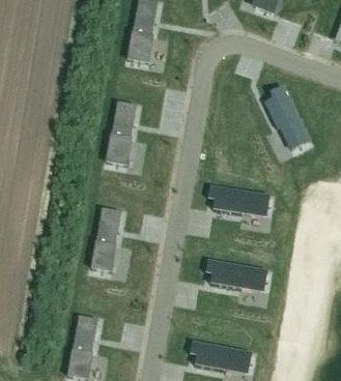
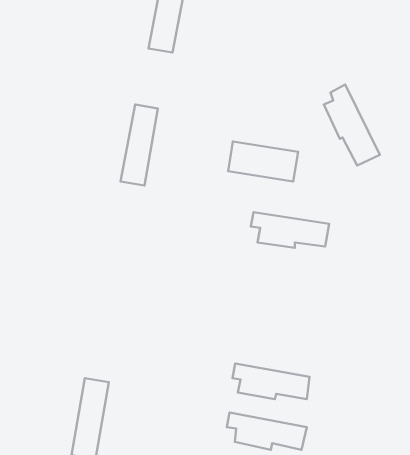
building: none -> [228,141,298,182]
building: [92,206,121,270] -> none
building: [206,260,266,288] -> [232,363,309,399]

